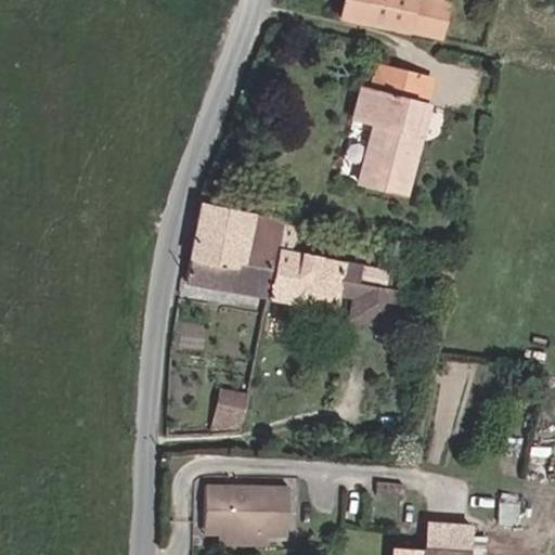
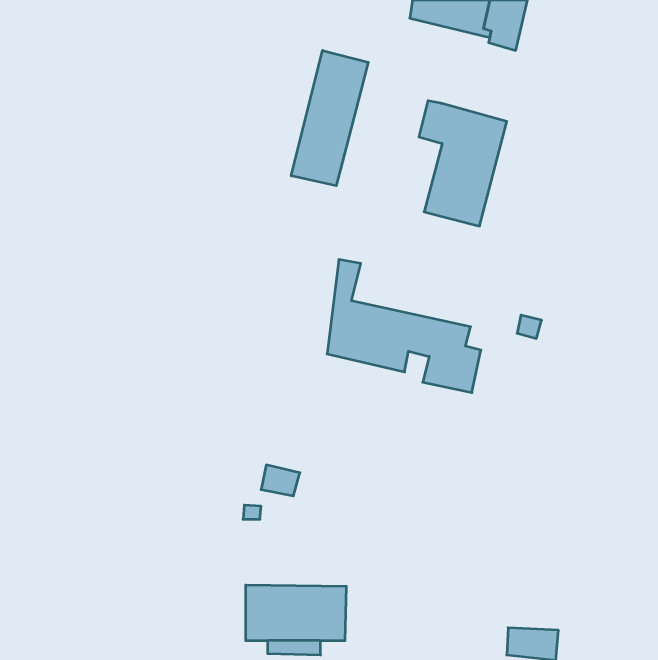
building: none -> [291,50,368,186]
building: [370,65,430,102] -> none
building: [193,201,284,297] -> none

